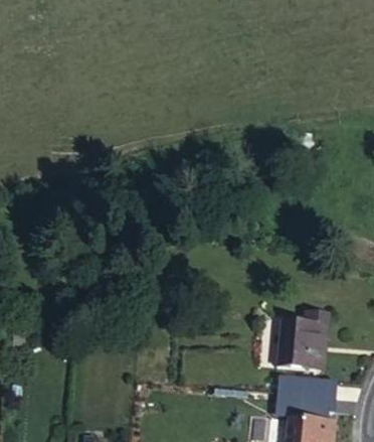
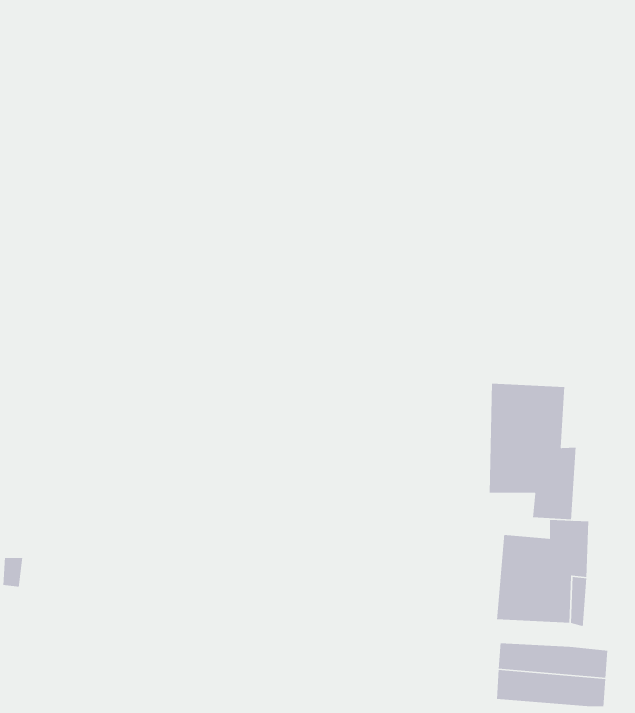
building: none -> [489,383,577,520]

